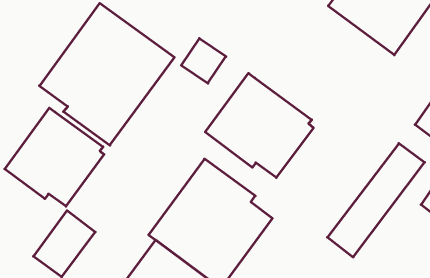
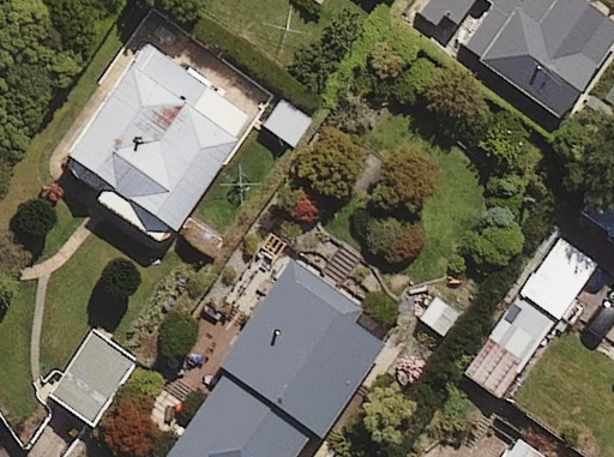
building: [205,73,313,178] -> none
building: [5,108,104,206] -> none

